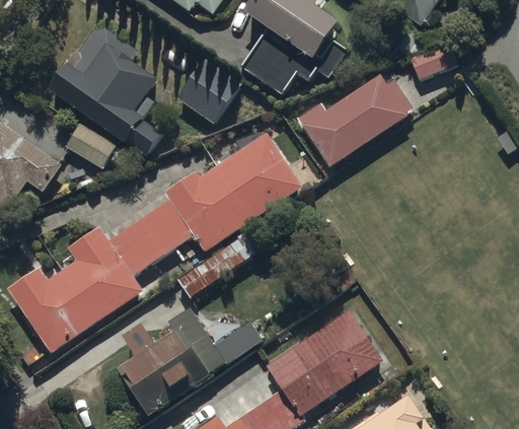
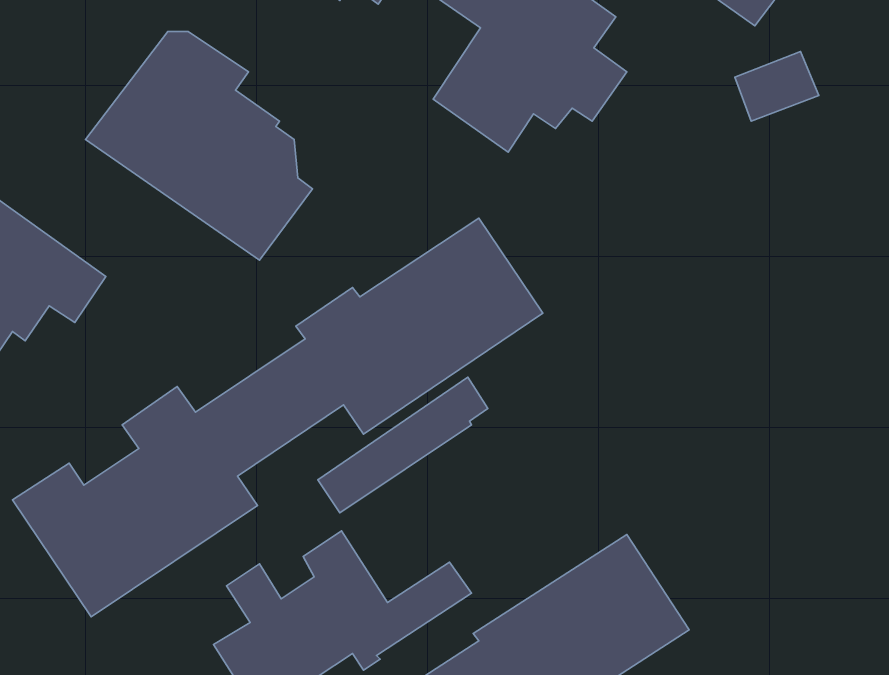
building: [164,50,241,113] -> none
building: [295,71,404,163] -> none
building: [64,124,133,170] -> none

